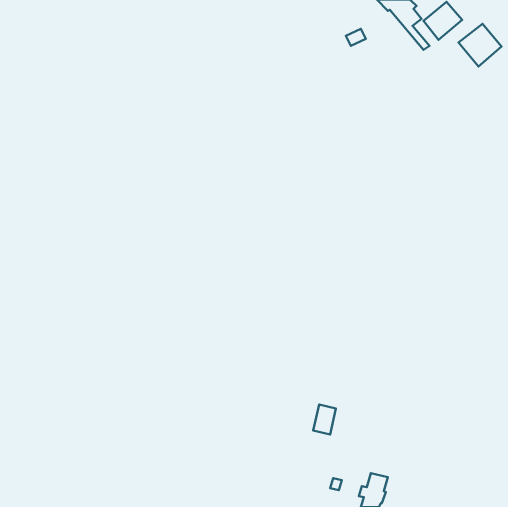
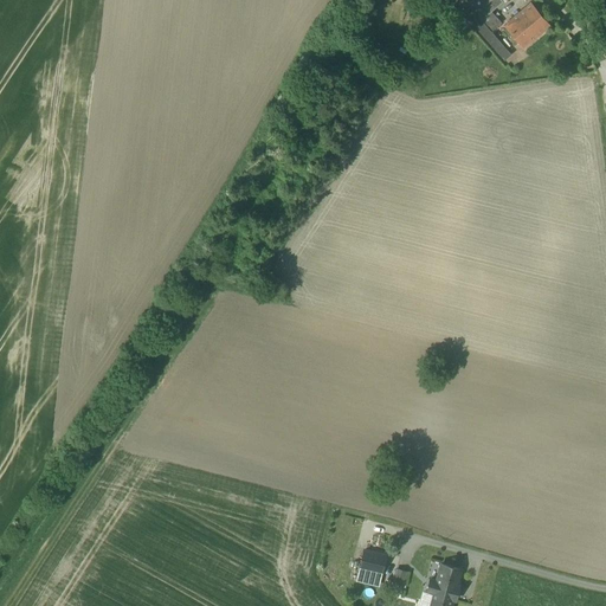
building: [459,24,502,67] -> none
building: [313,405,336,434] -> [357,549,385,585]

